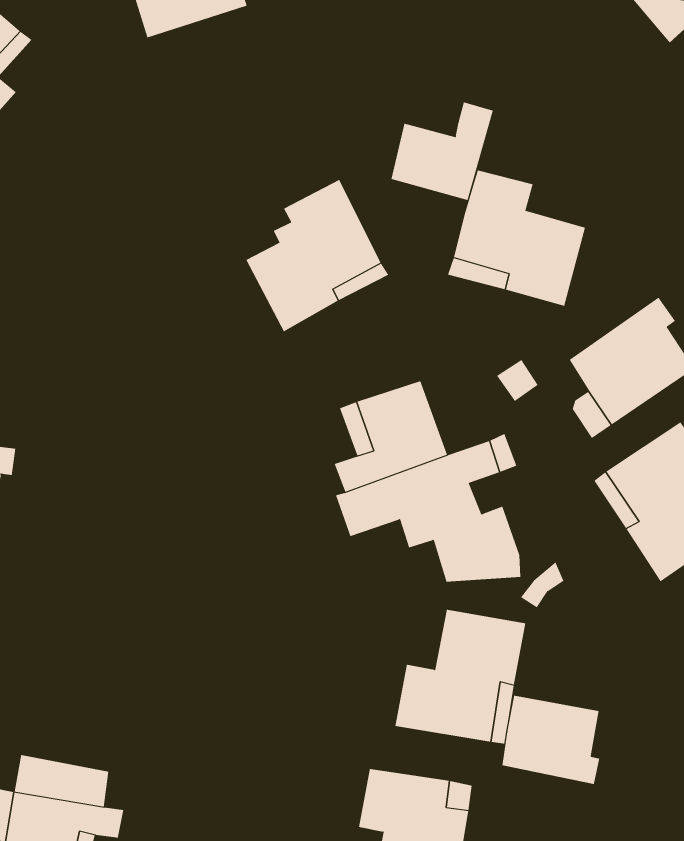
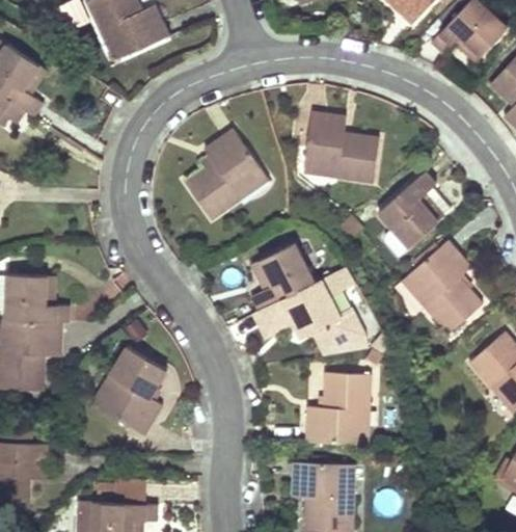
building: [391,101,493,201] -> none
building: none -> [91,345,166,434]
building: [502,695,600,785] -> none

